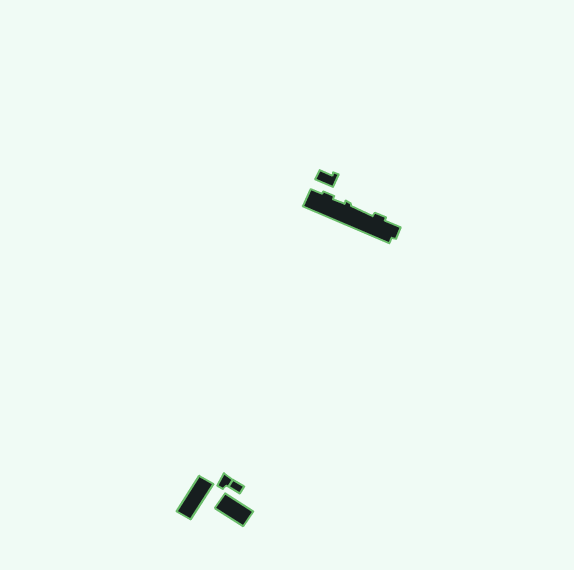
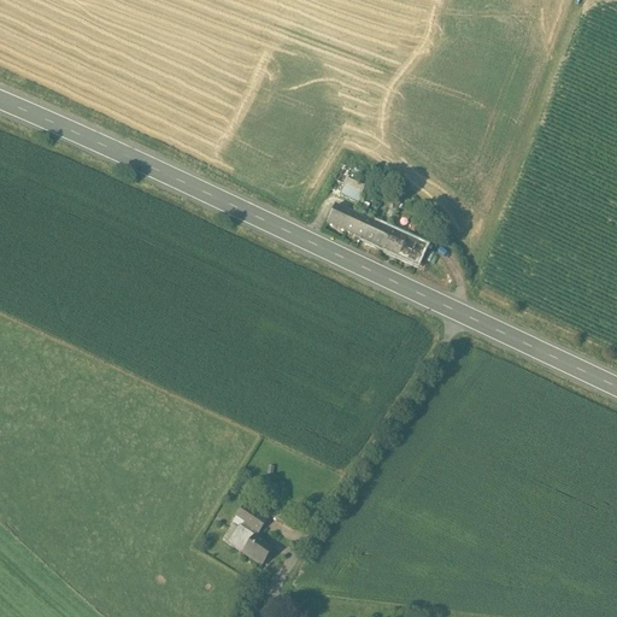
building: [177,476,213,519] -> none

